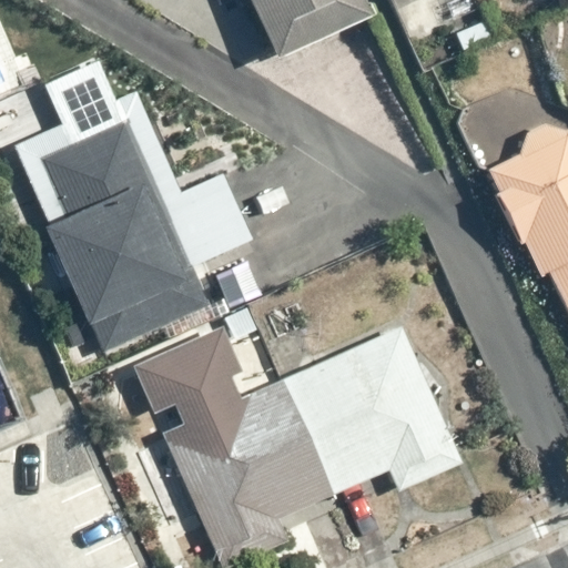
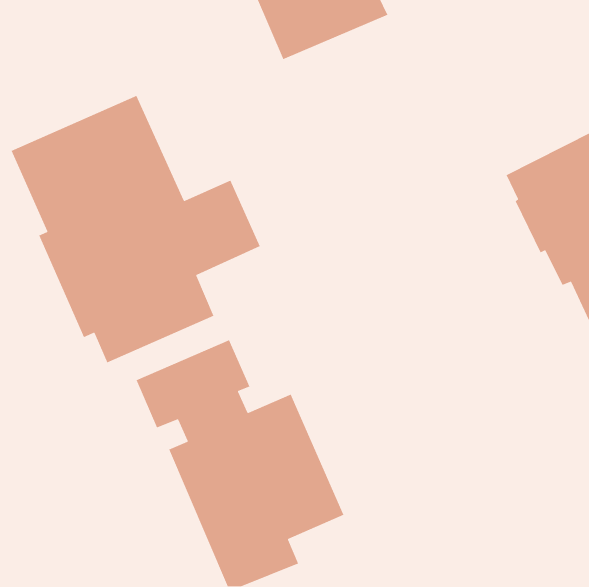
building: [282,325,464,494] -> none

